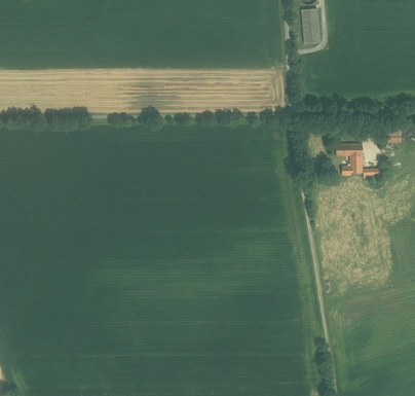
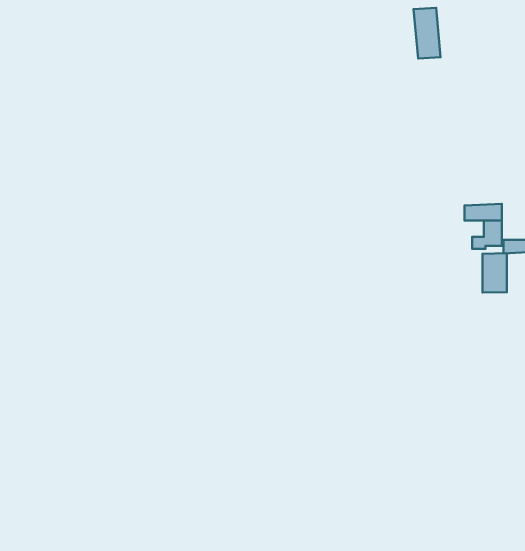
building: none -> [482,253,507,293]

